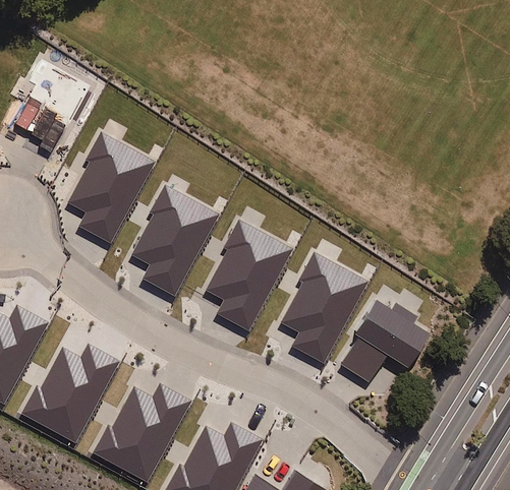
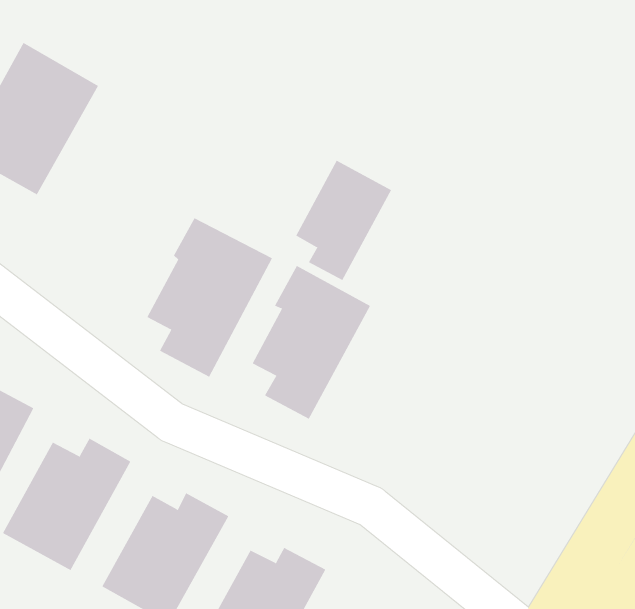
building: [68,132,156,245] -> none
building: none -> [296,160,392,281]
building: [279,253,367,364] -> none
building: [341,302,426,382] -> none

